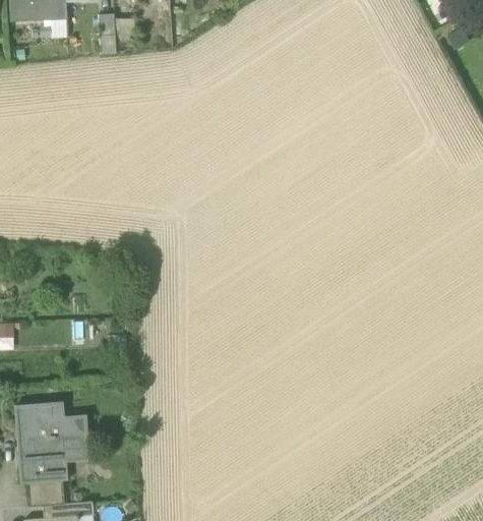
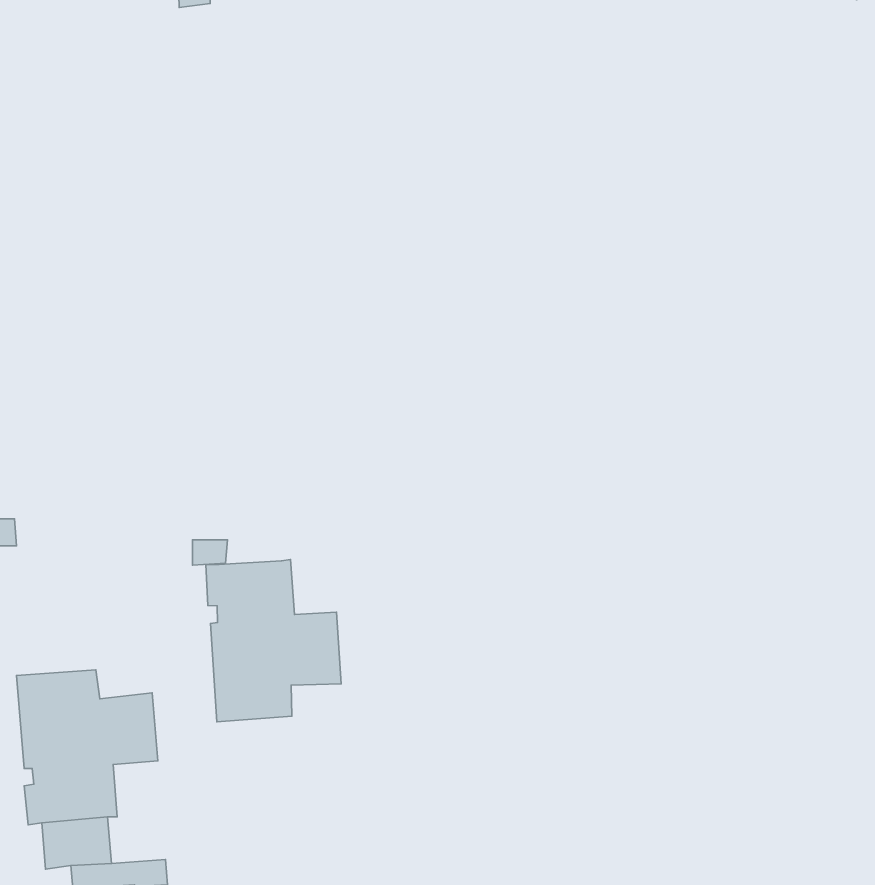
building: none -> [206,559,341,722]

